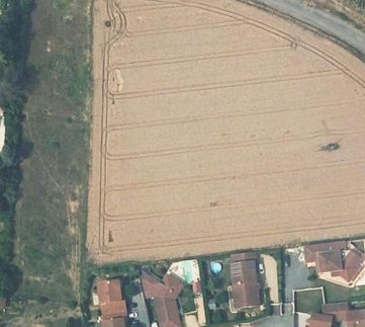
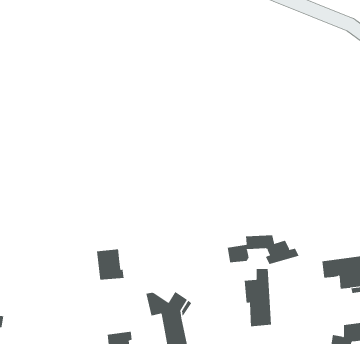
building: none -> [227,234,299,265]
building: [98,282,124,312] -> [96,249,124,280]

